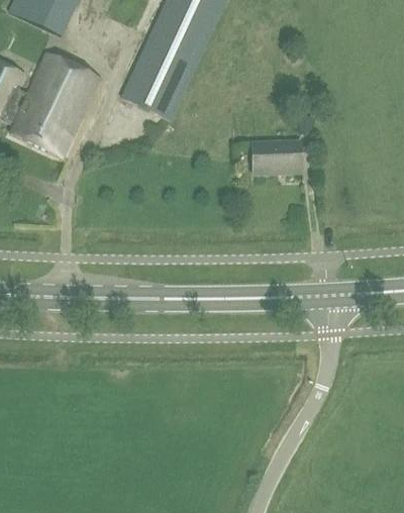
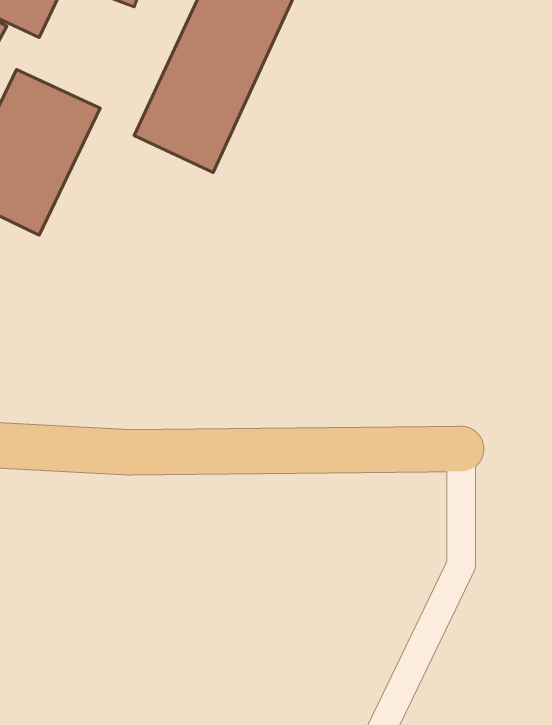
building: [253,136,302,171] -> none

